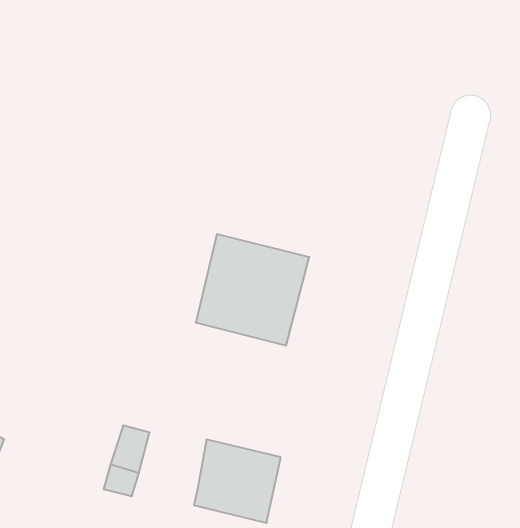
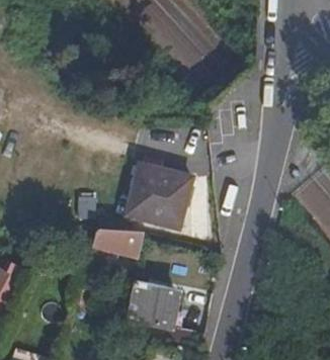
building: none -> [92,230,144,257]

